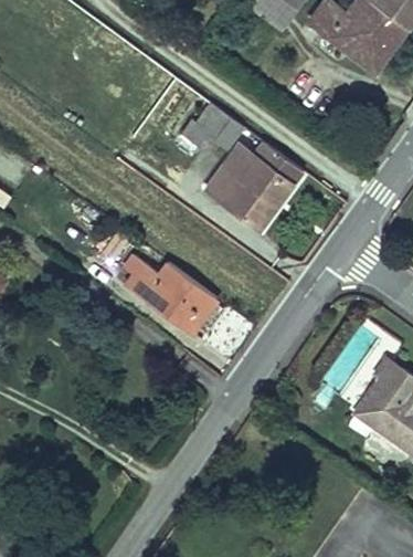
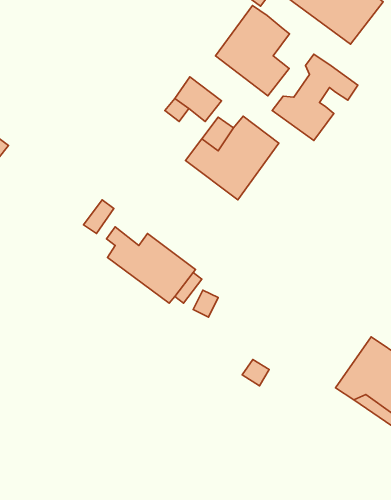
building: none -> [215,5,289,96]
building: none -> [272,54,358,141]

